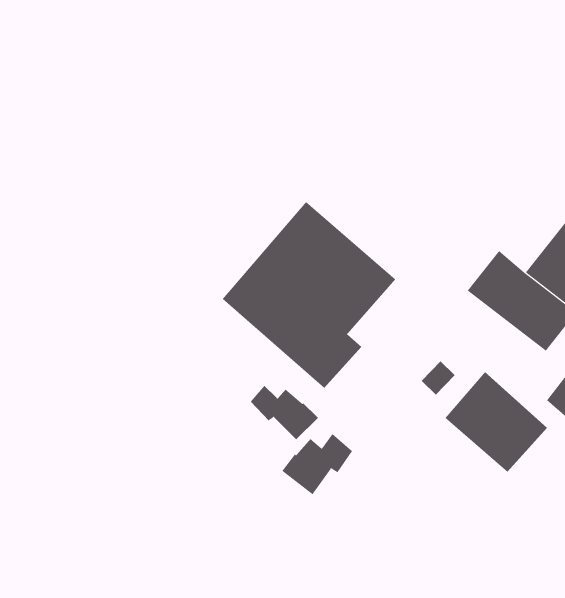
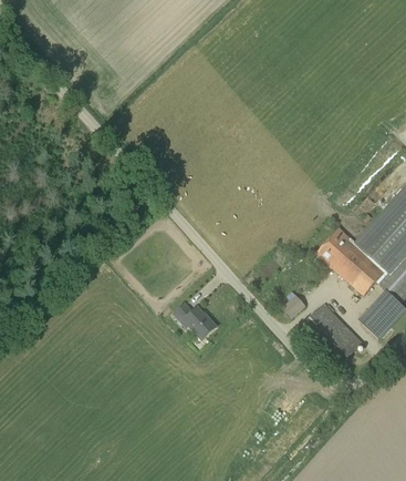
building: [222,201,396,389] -> none
building: [282,433,353,495] -> none

